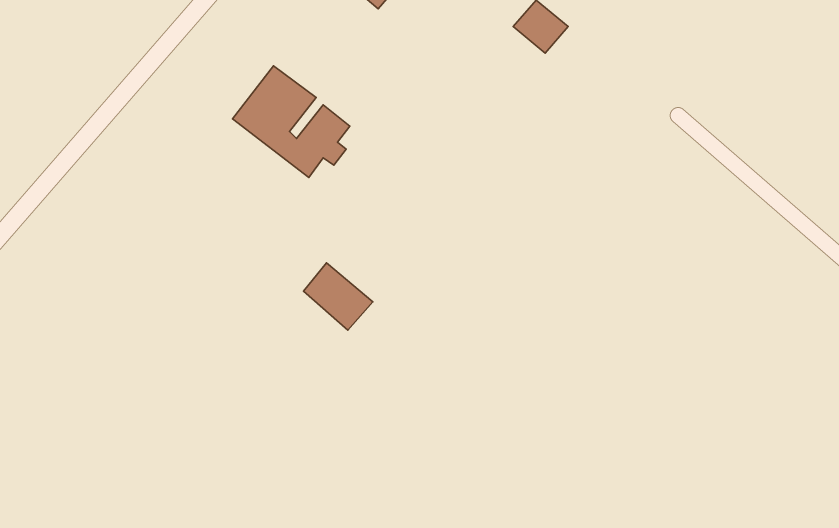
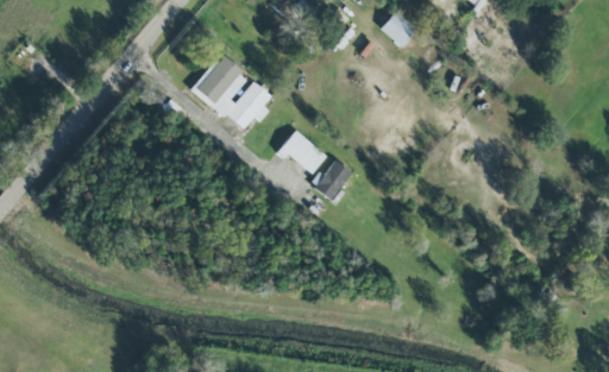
building: none -> [310,159,352,198]
building: [304,263,373,330] -> [281,130,327,175]

